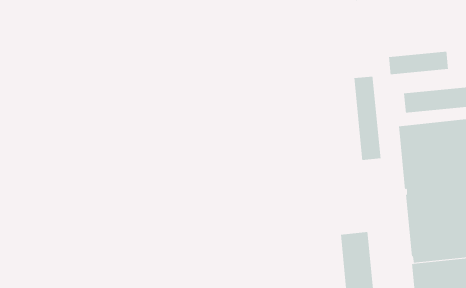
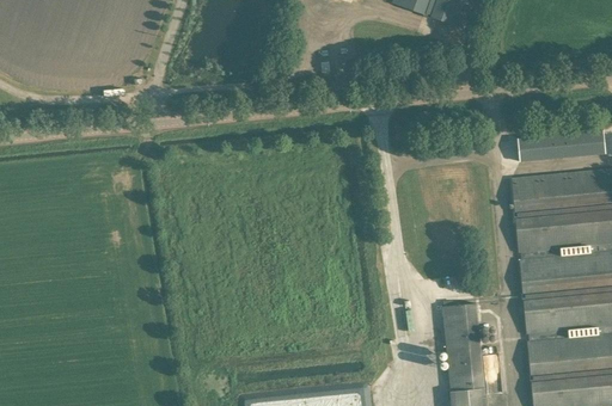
building: [388,51,449,75] -> none
building: [354,76,381,161] -> none

